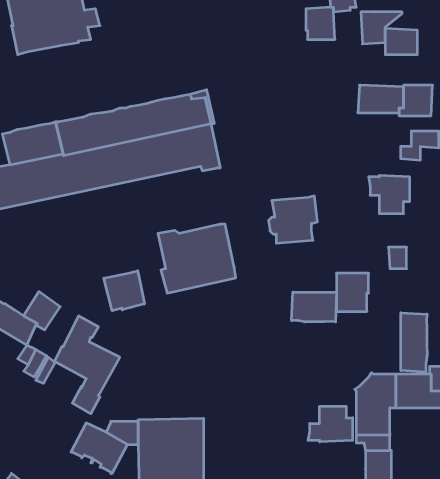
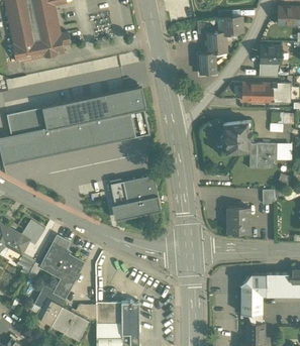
building: [361,12,402,44] -> [199,52,226,74]
building: [269,196,317,243] -> [220,120,253,151]
building: [104,271,144,311] -> none
building: [292,292,336,322] -> none
building: [401,313,427,372] -> none
building: none -> [35,285,65,325]
building: [308,406,353,442] -> none

